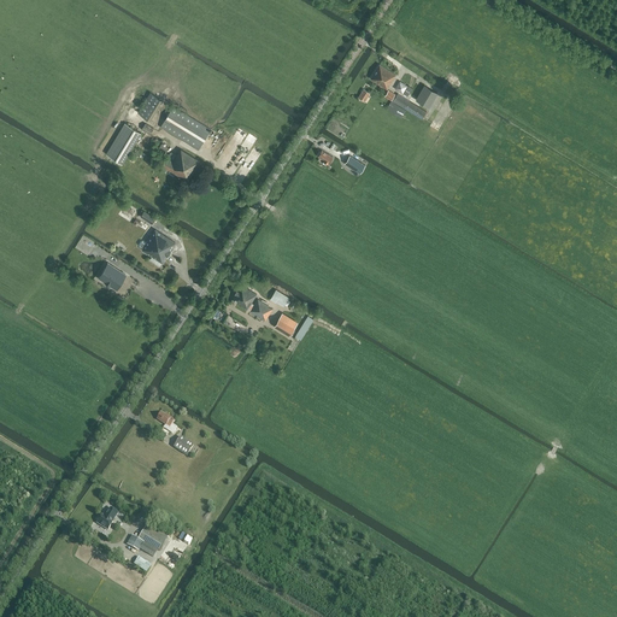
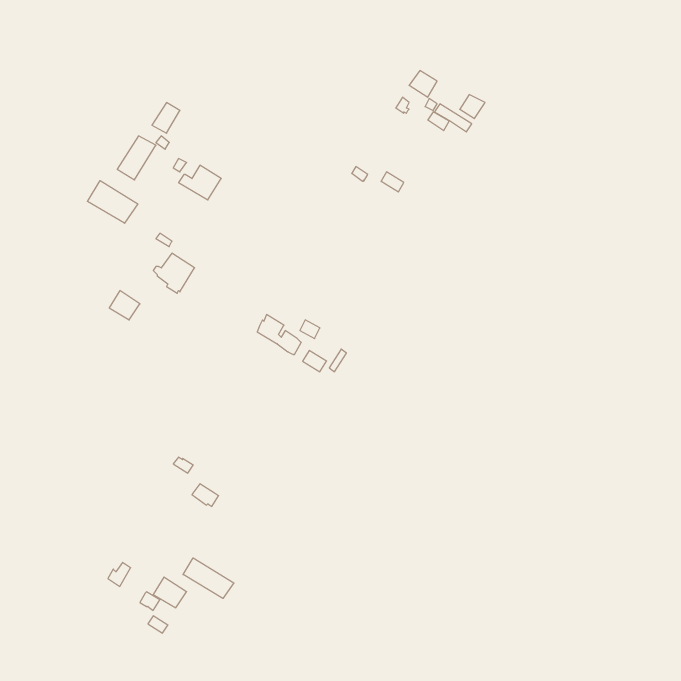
building: [160,106,211,151] -> none
building: none -> [87,181,138,223]
building: none -> [183,558,234,598]

